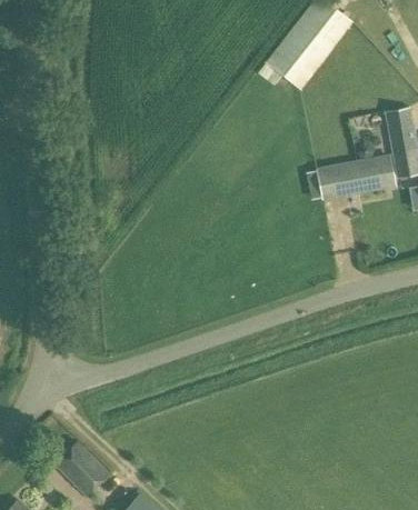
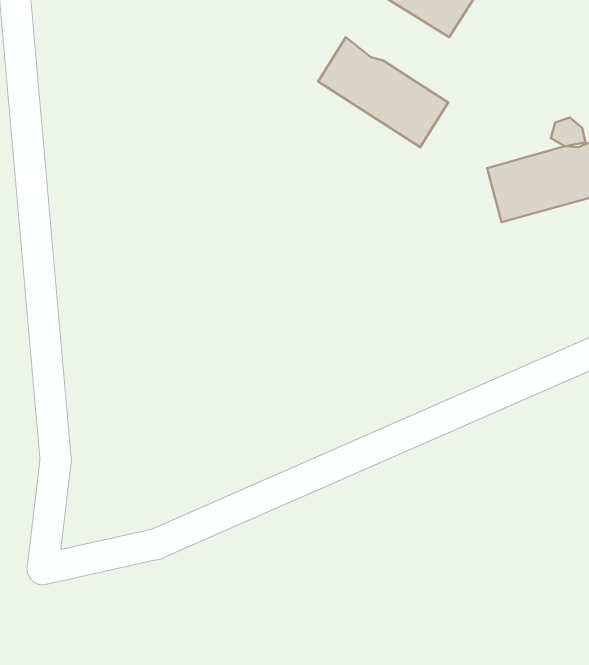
building: none -> [318,37,448,147]

